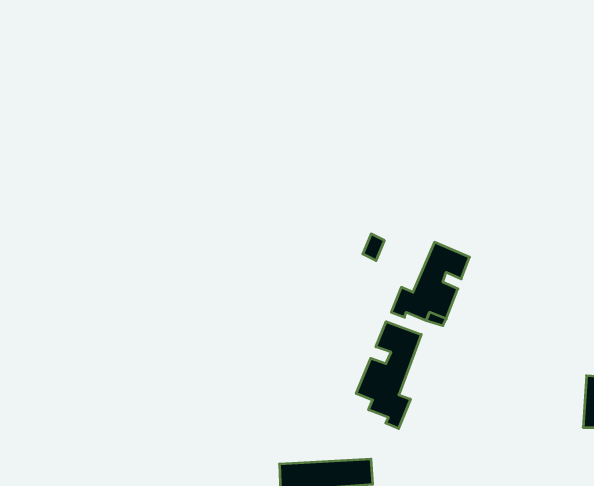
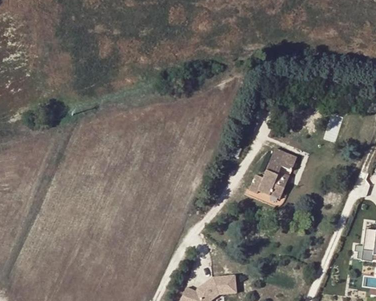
building: [356,322,421,429] -> none

